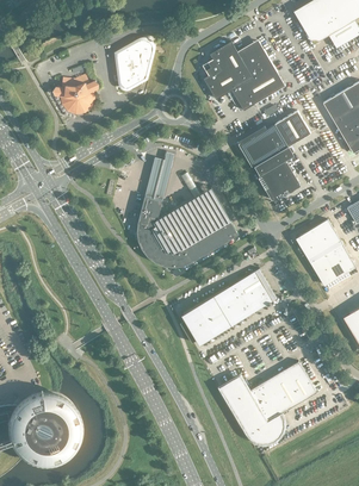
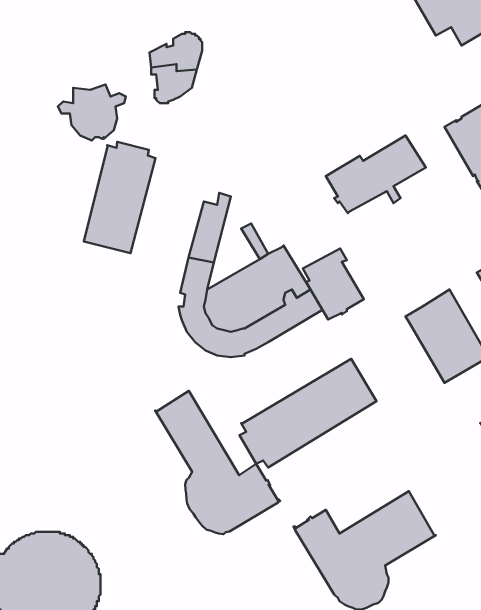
building: [203,40,284,111] -> none
building: none -> [84,142,156,253]
building: [256,150,299,200] -> [303,248,364,319]
building: none -> [155,391,280,534]

